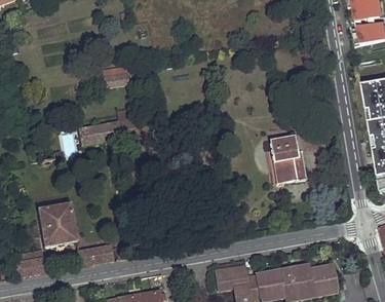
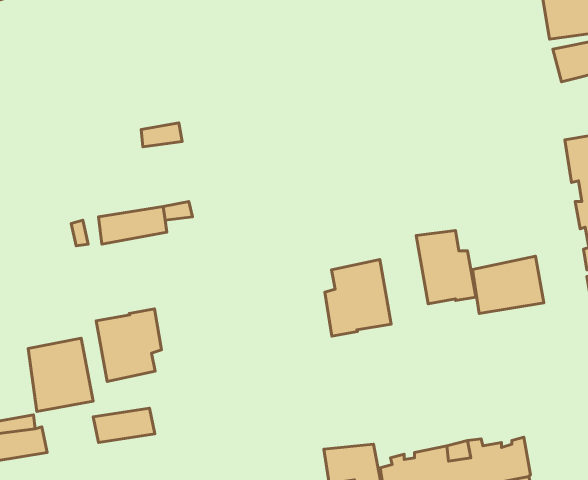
building: none -> [472,256,544,314]
building: none -> [325,260,391,336]
building: none -> [96,309,161,382]

